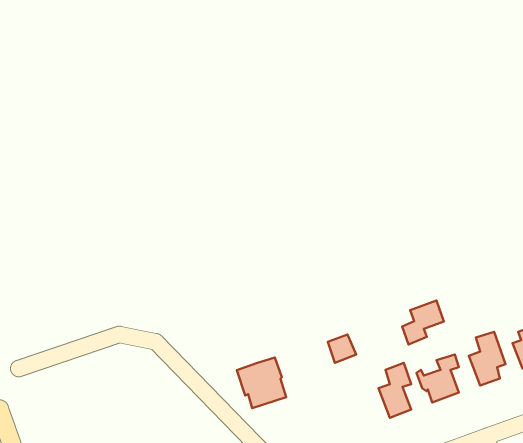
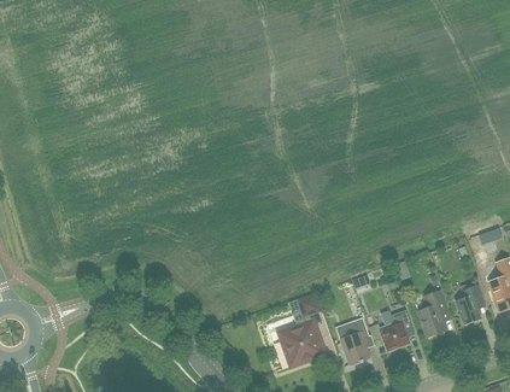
building: [402,301,444,344] -> none
building: [237,358,286,408] -> [280,321,322,364]

